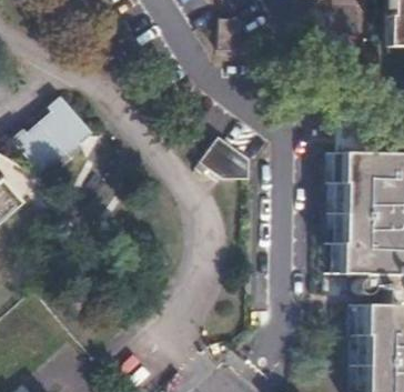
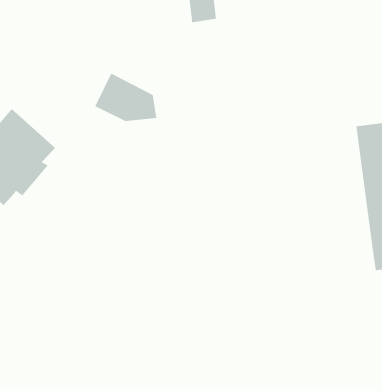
building: [201,135,251,179] -> [94,72,157,122]

